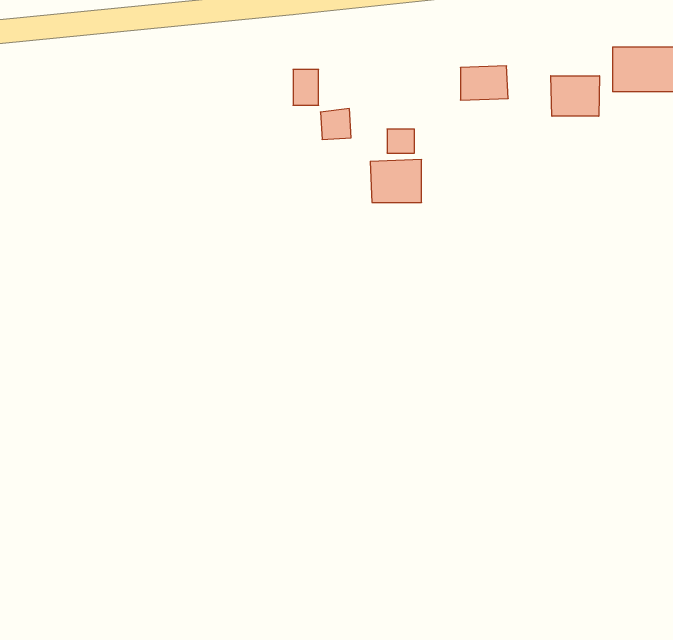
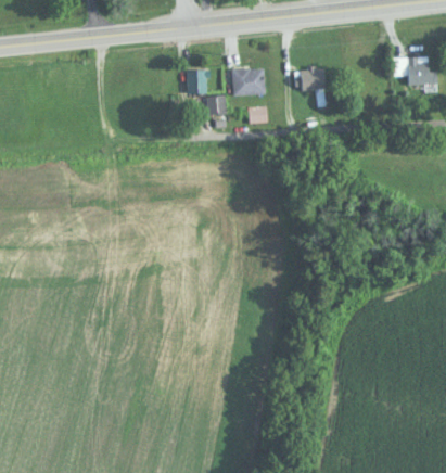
building: [551,76,599,116] -> none
building: [370,160,422,202] -> [231,68,264,95]

